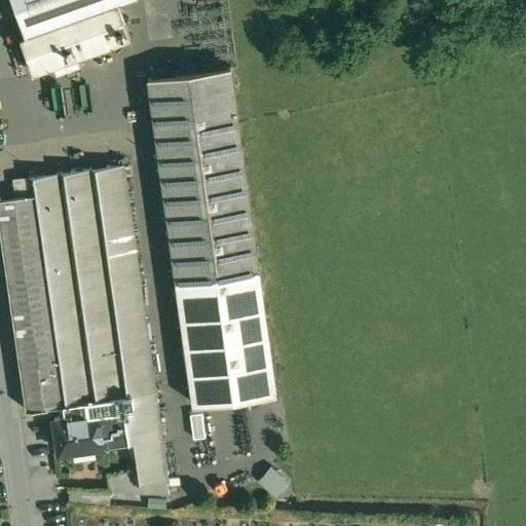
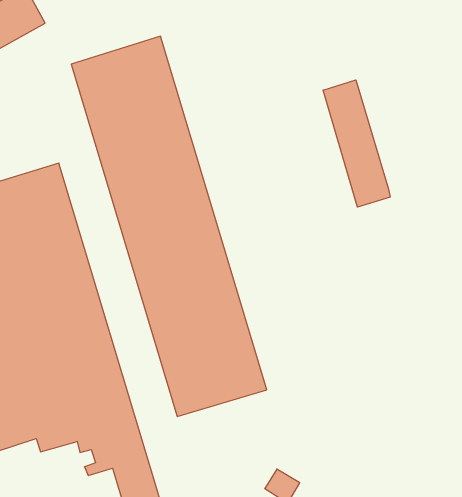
building: none -> [323,80,390,207]
building: [53,416,113,458] -> none

